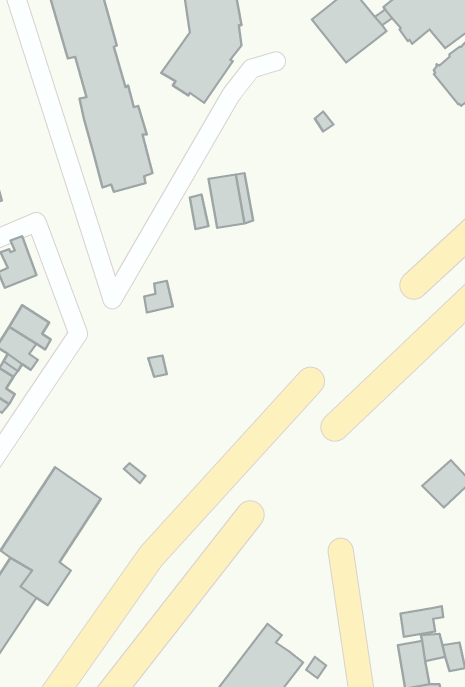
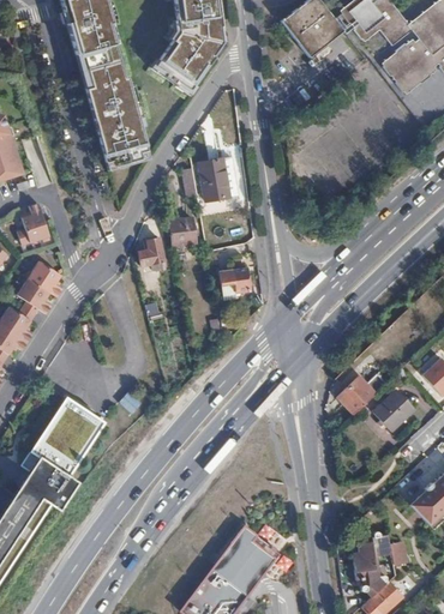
building: none -> [173,215,198,243]
building: none -> [217,261,250,295]
building: none -> [340,378,379,413]
building: [400,606,443,637] -> none

